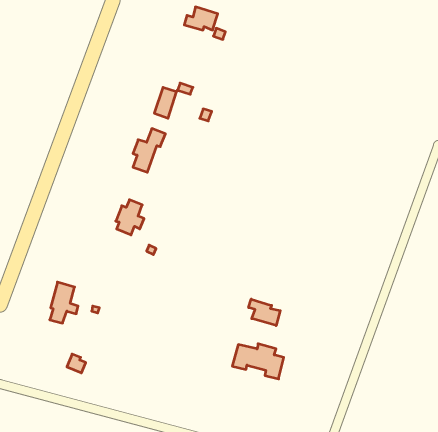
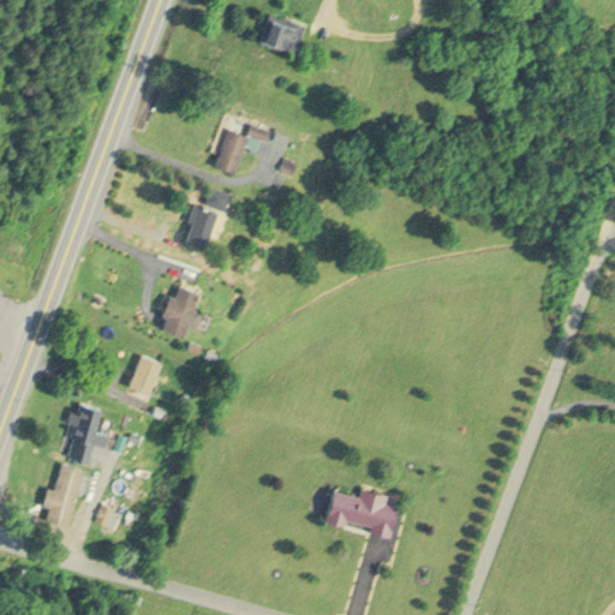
building: none -> [130,356,162,394]
building: [249,299,280,326] -> none
building: none -> [42,467,84,527]

